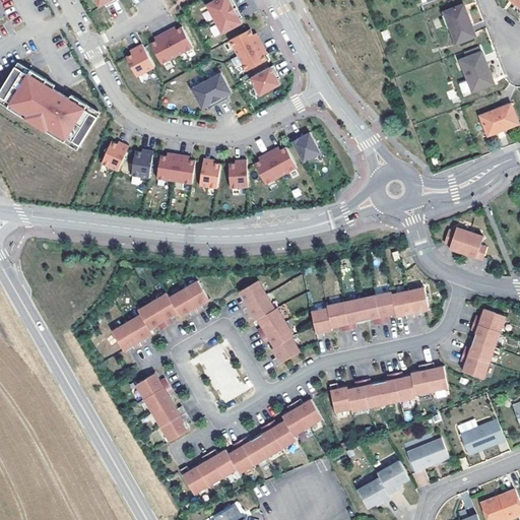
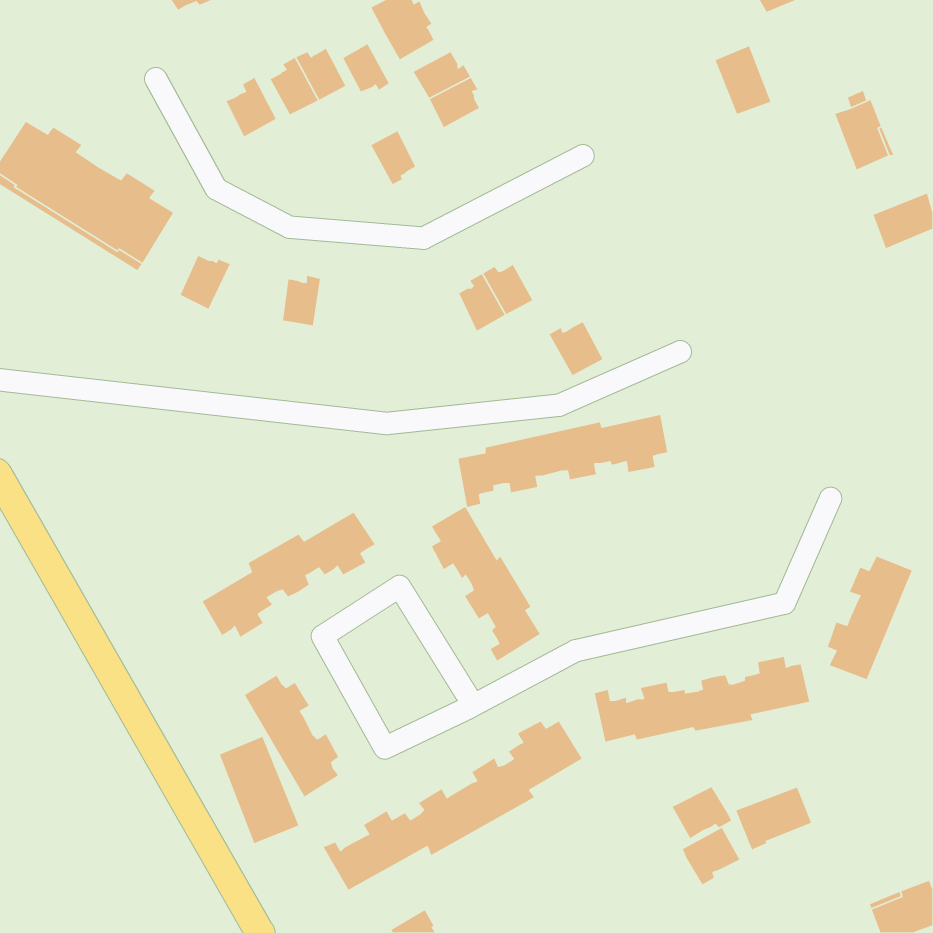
building: [445,7,476,46] -> [715,45,771,115]
building: [250,65,279,95] -> none
building: [191,80,217,108] -> [342,43,390,93]
building: [289,132,320,162] -> [549,321,603,376]
building: [130,149,152,178] -> none
building: [174,154,195,184] -> none
building: [199,158,220,188] -> none
building: [229,160,248,189] -> none
building: [444,225,486,258] -> none
building: [312,287,429,339] -> [457,414,668,508]
building: [197,341,242,401] -> [219,736,300,844]
building: [461,417,506,451] -> none
building: [358,475,391,505] -> [672,786,732,839]

